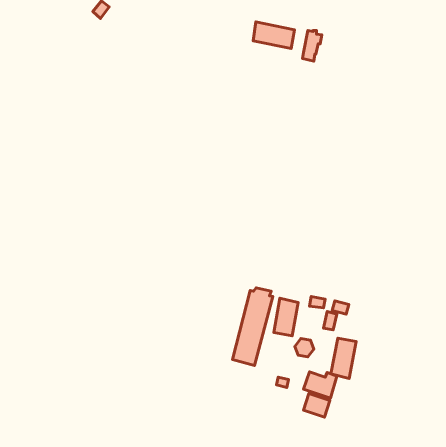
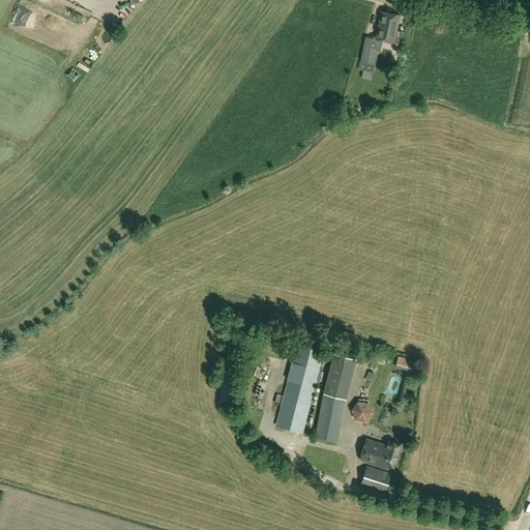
building: none -> [375,11,402,45]
building: [253,22,295,48] -> none
building: [331,338,356,378] -> [316,393,346,441]

